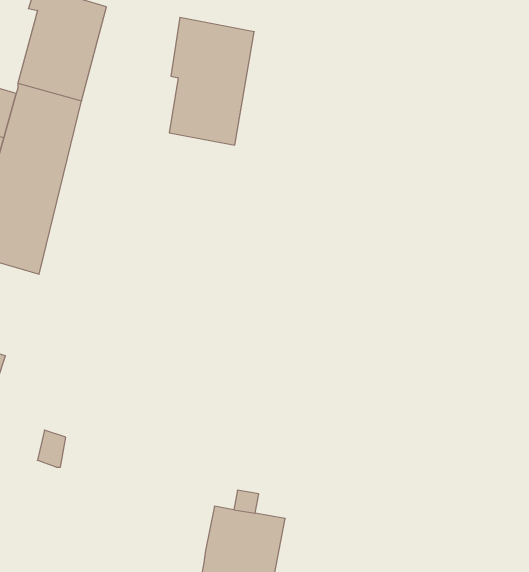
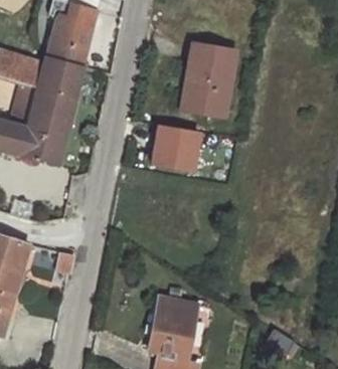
building: [169,18,254,145] -> [186,43,234,116]
building: none -> [152,125,199,173]

